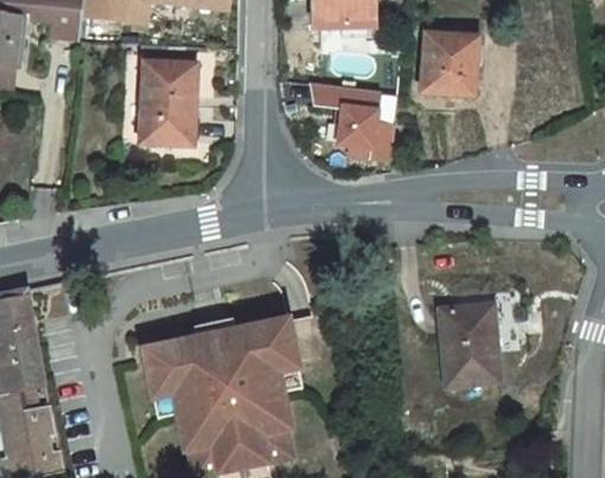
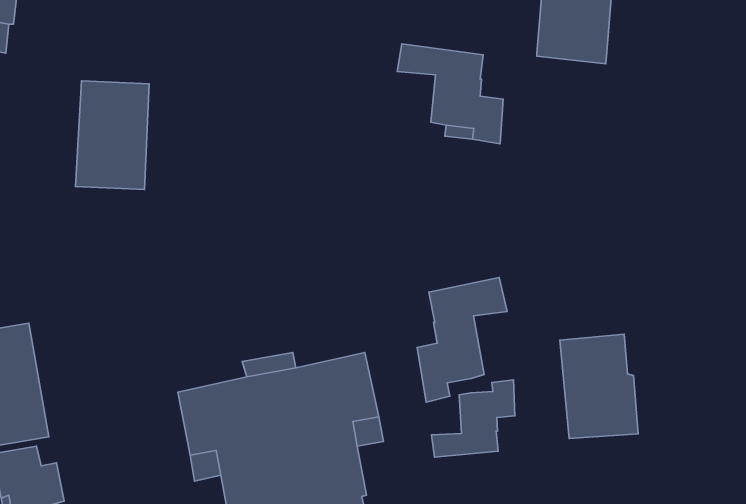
building: [139,60,196,145] -> [75,81,149,190]
building: none -> [417,278,507,402]
building: none -> [432,380,515,457]

